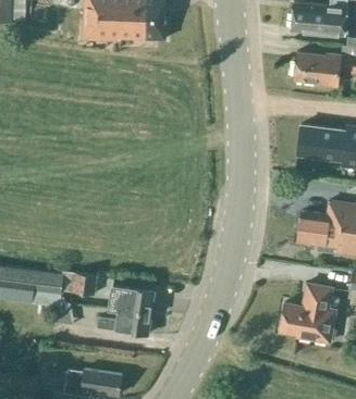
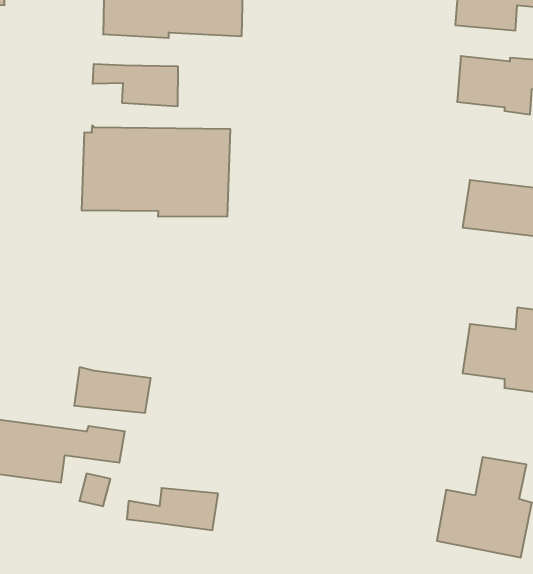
building: none -> [93,64,178,106]
building: none -> [82,125,230,217]
building: [109,285,155,312] -> [74,367,151,413]

